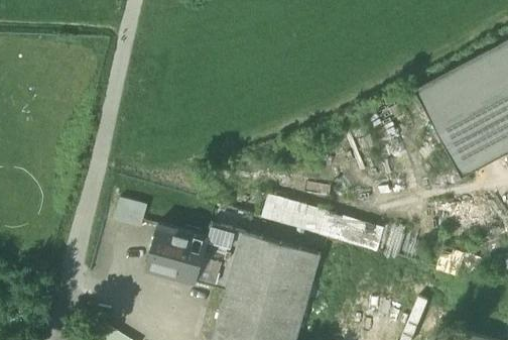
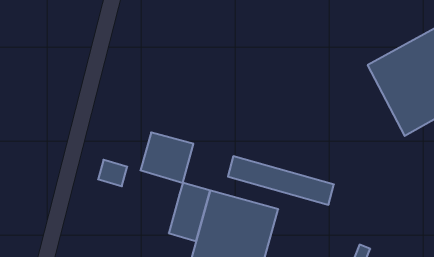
building: [147,224,208,281] -> [140,132,193,183]

